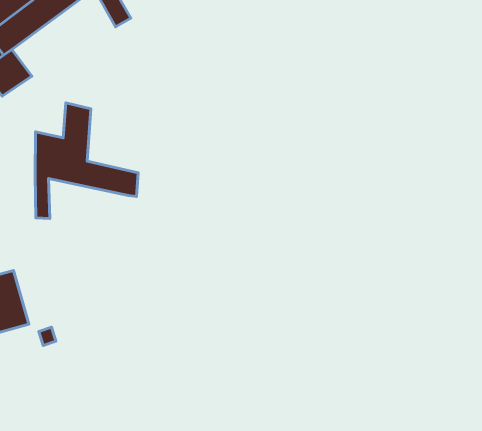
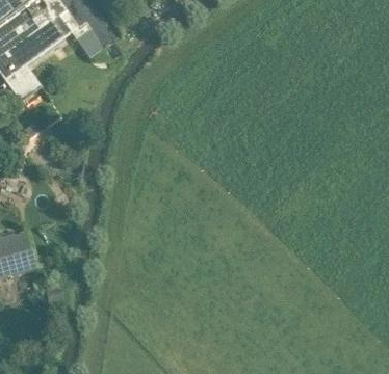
building: [35,103,138,219] -> none

